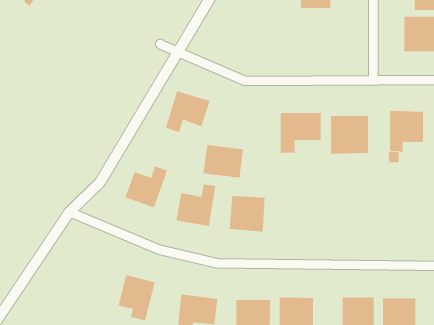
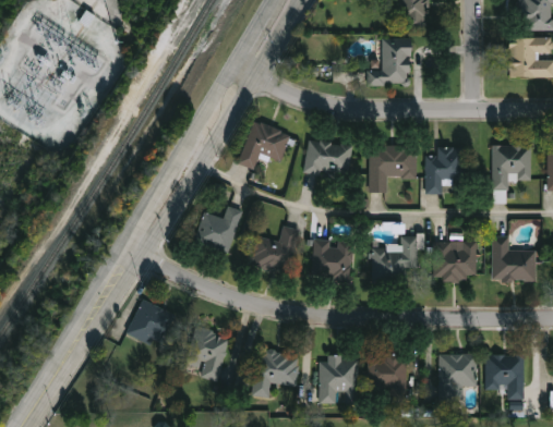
building: none -> [368,38,412,85]
building: [202,145,244,178] -> [305,139,352,178]
building: none -> [372,235,420,281]
building: none -> [434,242,477,280]
building: none -> [492,243,536,281]
building: none -> [128,300,177,349]

